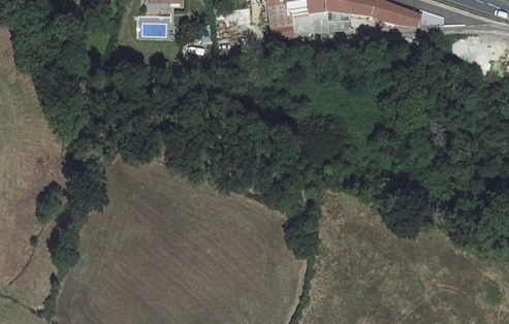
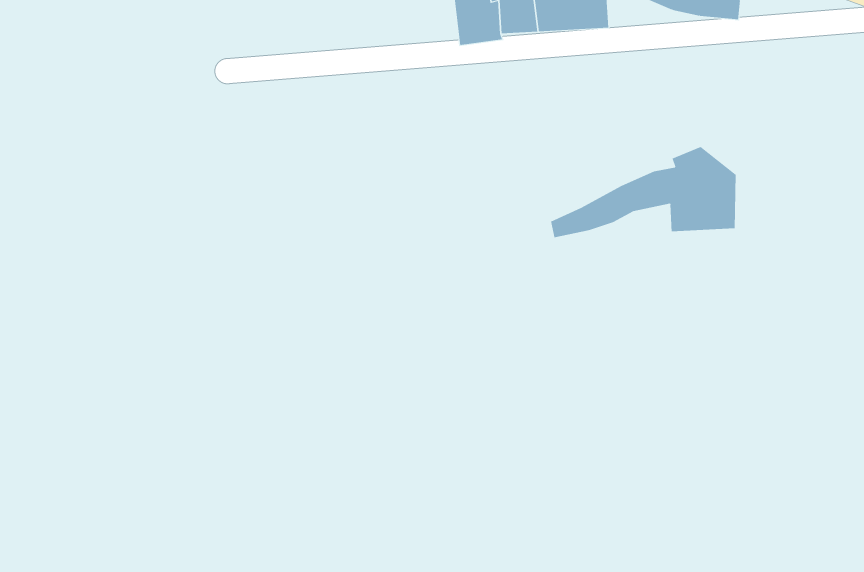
building: none -> [551,146,736,238]

